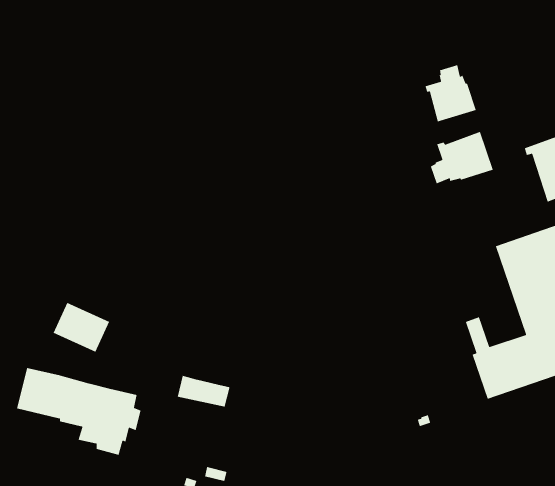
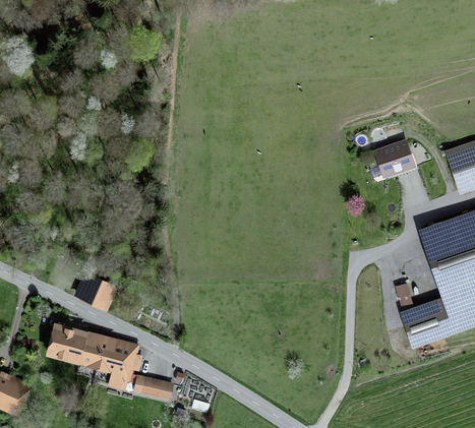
building: [424,64,477,123] -> none
building: [177,375,230,408] -> [133,375,175,401]

